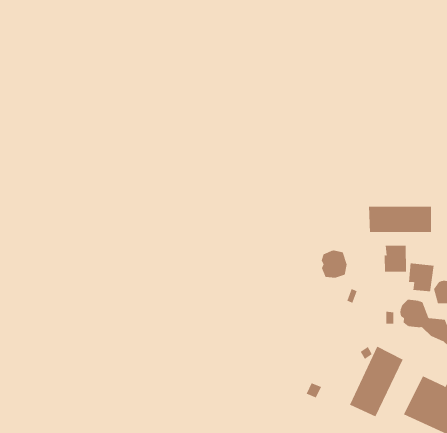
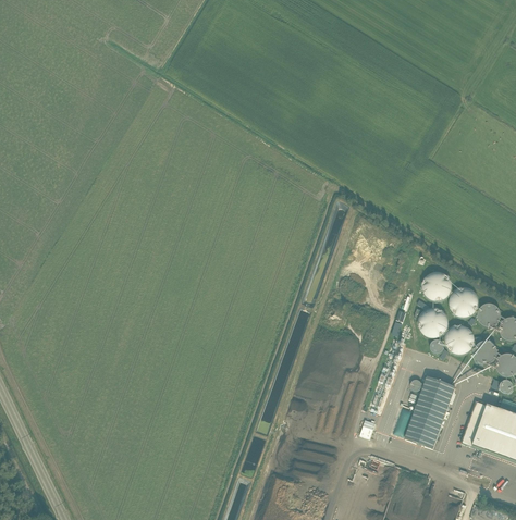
building: [369,206,432,233] -> none
building: [321,250,348,278] -> [420,308,447,336]

